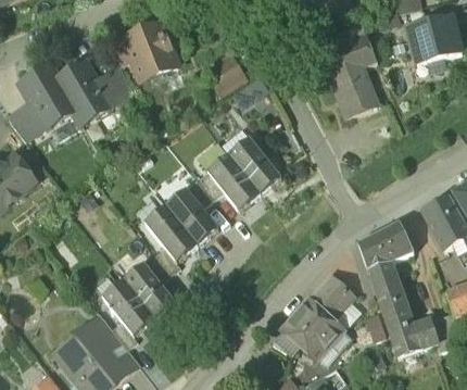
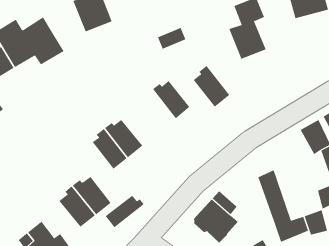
building: [215,53,245,92] -> none
building: [99,64,131,104] -> none
building: [212,154,261,210] -> [193,65,230,107]
building: [358,221,413,269] -> none
building: [318,273,355,309] -> none
building: none -> [105,195,145,228]
building: [86,314,119,349] -> none

